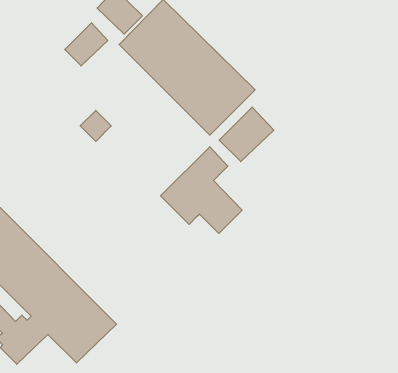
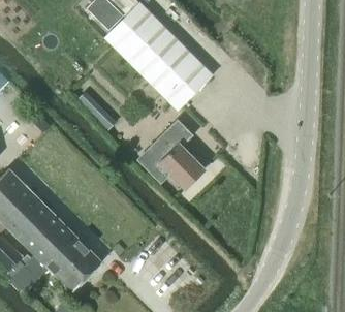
building: [65,23,108,66] -> none
building: [219,107,274,162] -> none

